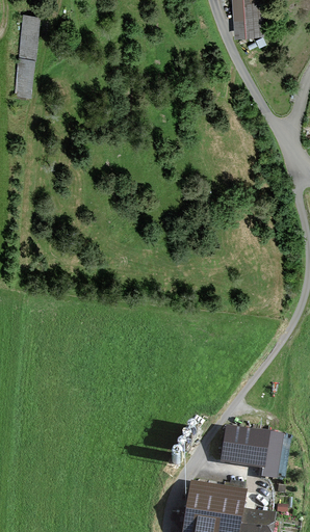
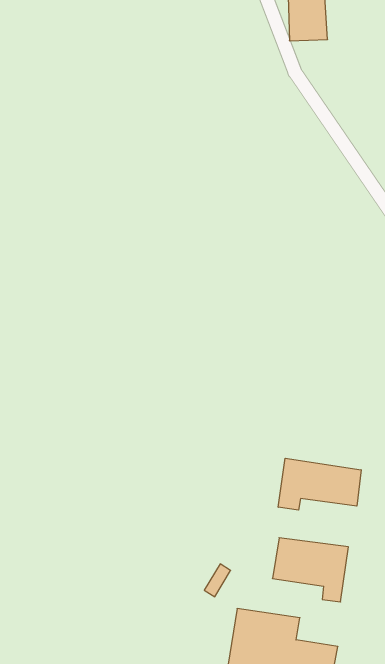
building: [15,16,38,99] -> none
building: none -> [278,458,361,510]

